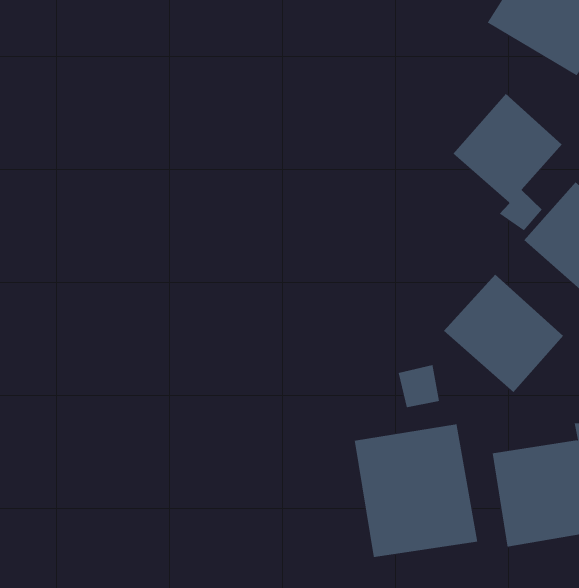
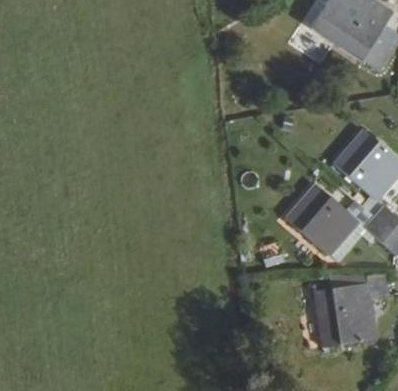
building: [452,93,563,231] -> none
building: [354,424,478,558] -> none

